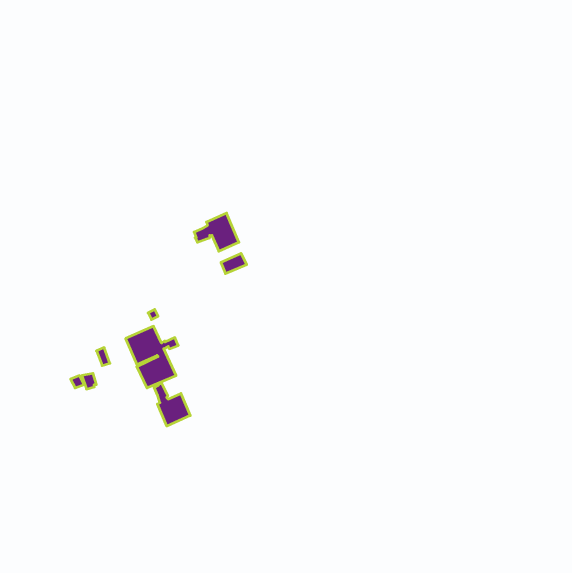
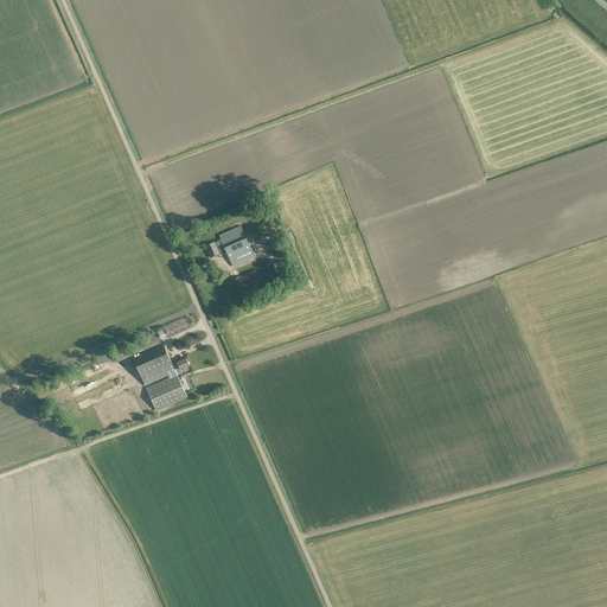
building: [154,383,190,426] -> none

